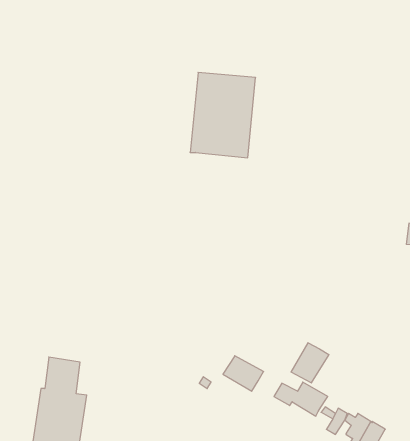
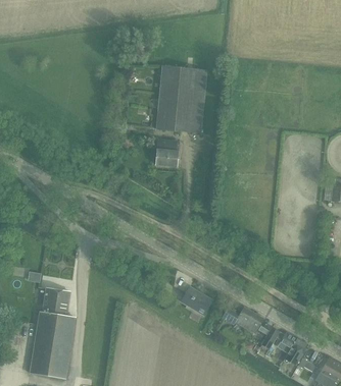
building: none -> [155,140,179,166]
building: [291,343,329,383] -> none

